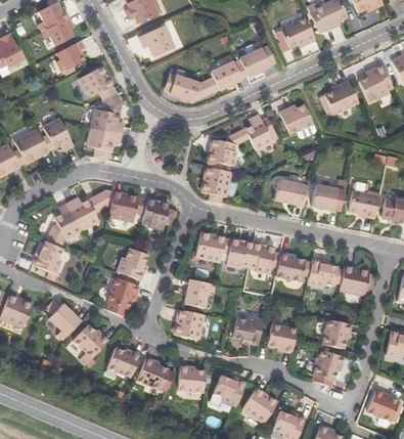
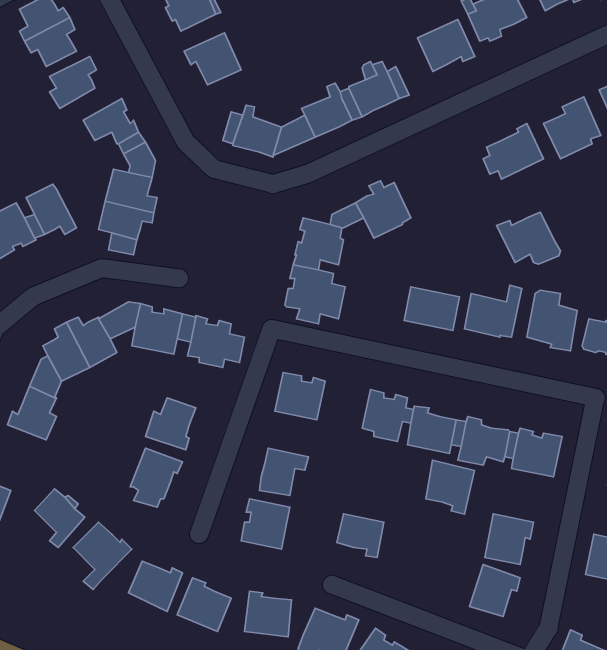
building: [275,102,314,134] -> [497,212,560,264]
building: [222,237,253,267] -> none
building: [267,321,297,354] -> [426,460,475,514]

